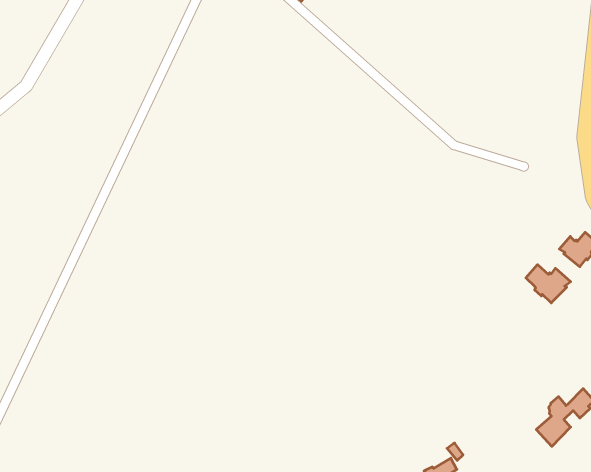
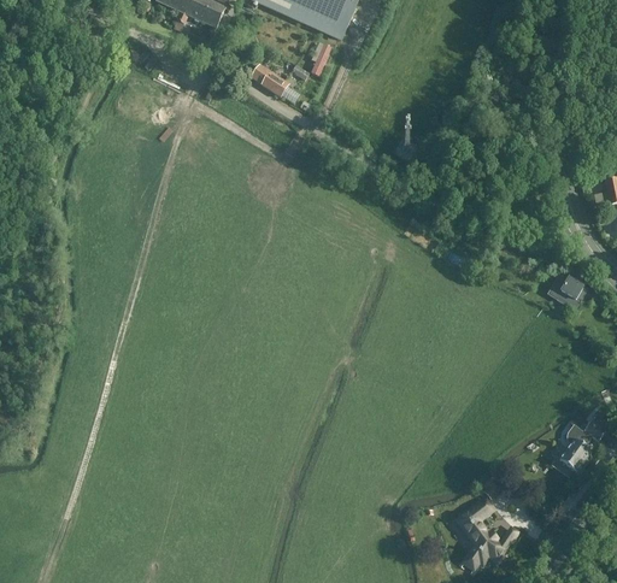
building: [526,265,571,303] -> none

